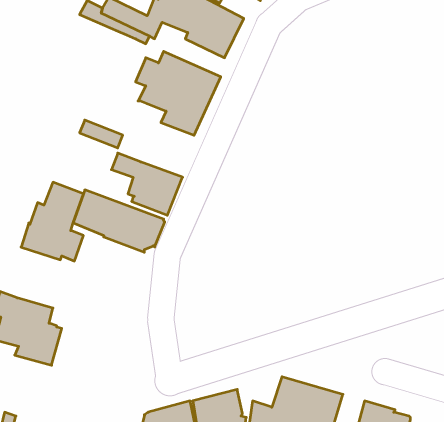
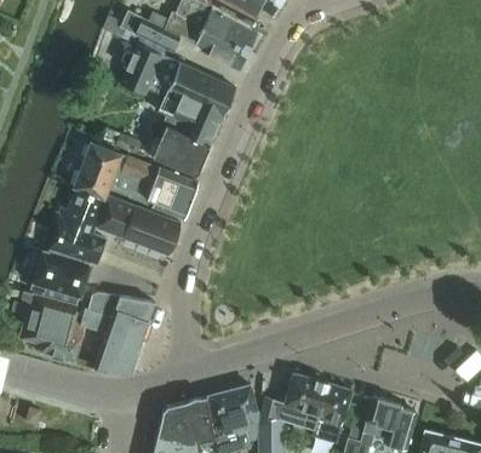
building: none -> [120,44,181,94]
building: none -> [148,113,210,174]
building: none -> [73,142,153,201]
building: none -> [30,250,91,308]
building: none -> [80,292,154,374]

